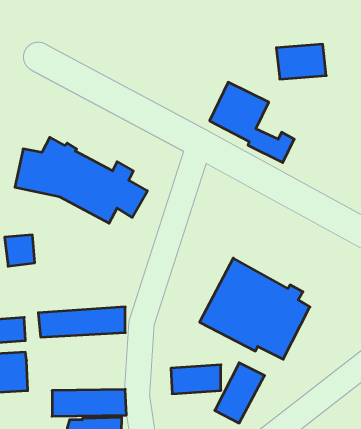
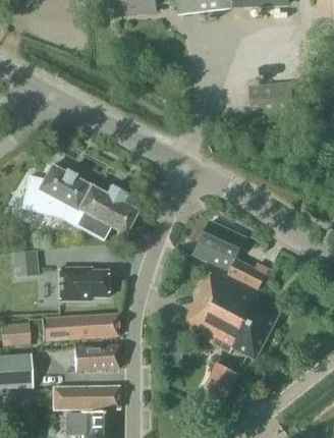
building: [210,82,294,163] -> [194,218,269,288]
building: none -> [58,267,107,300]
building: [171,365,221,394] -> [73,344,117,370]

